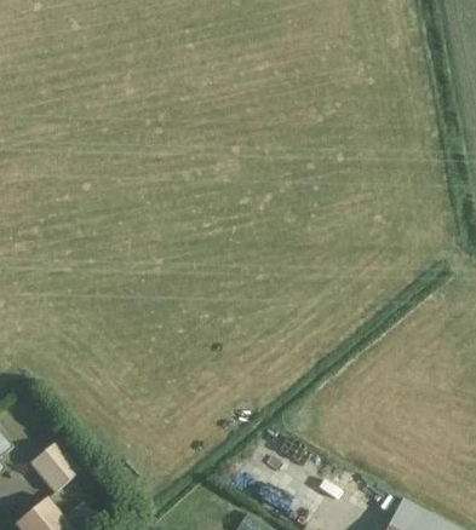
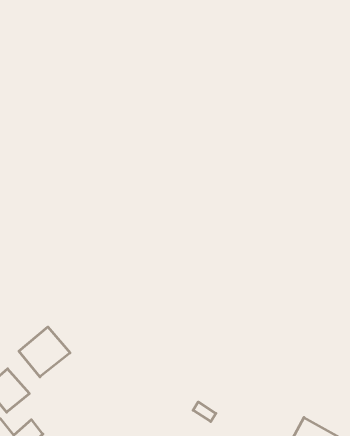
building: none -> [19,327,70,377]

